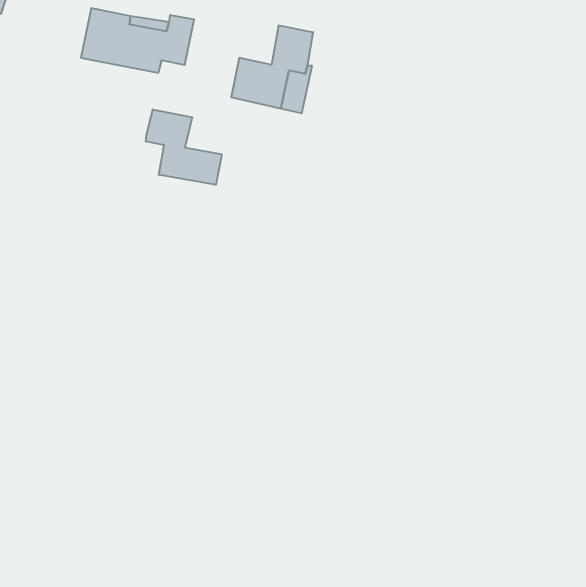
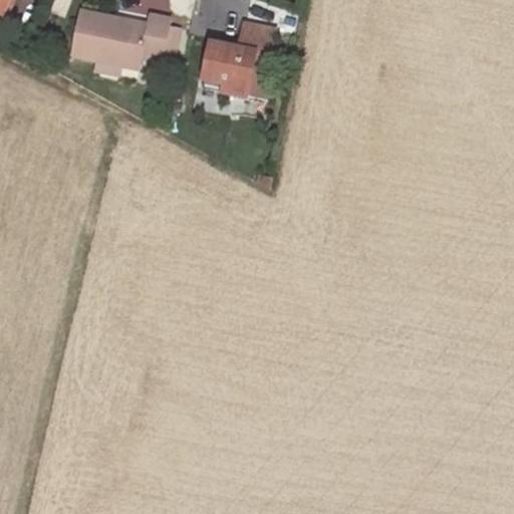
building: [146,109,222,185] -> none

